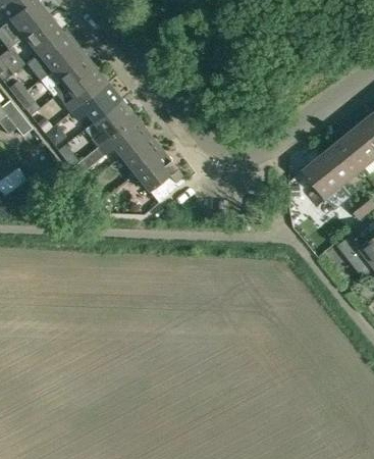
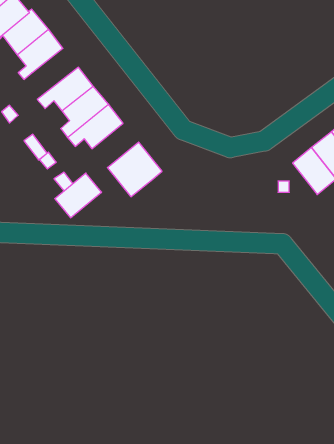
building: [56,65,107,112] -> none
building: [119,134,162,174] -> [55,173,102,218]

